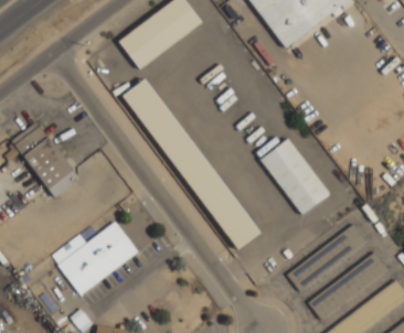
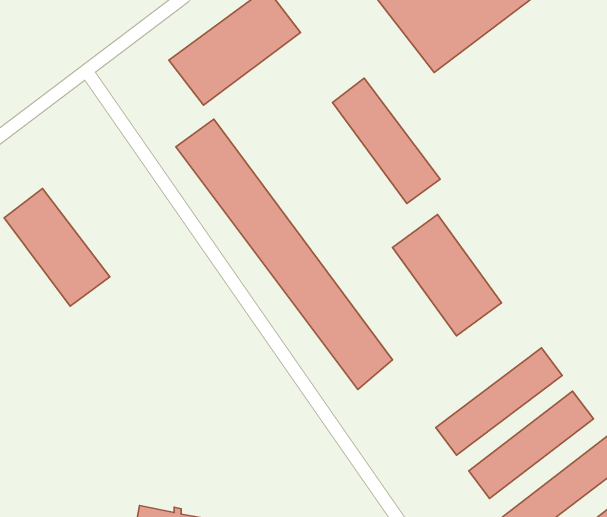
building: none -> [333,78,440,203]
building: [52,222,138,294] -> none

